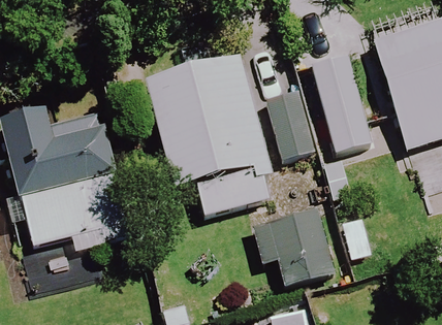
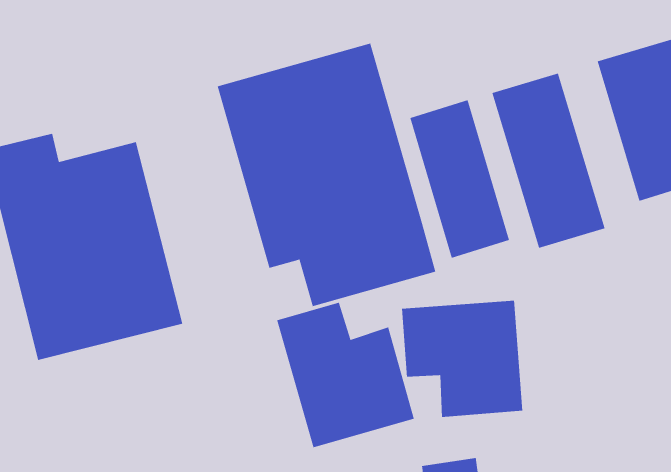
building: none -> [276,302,414,448]

